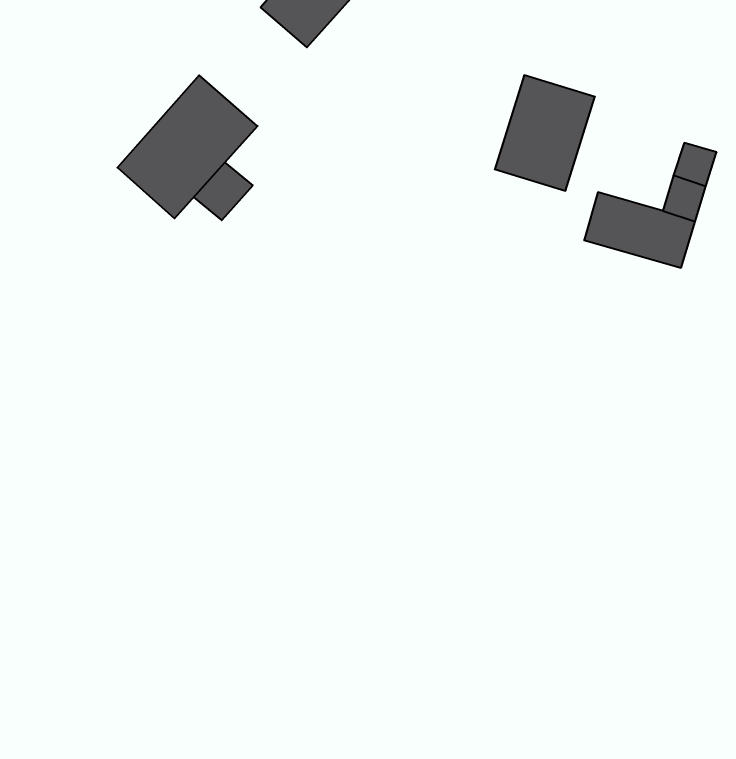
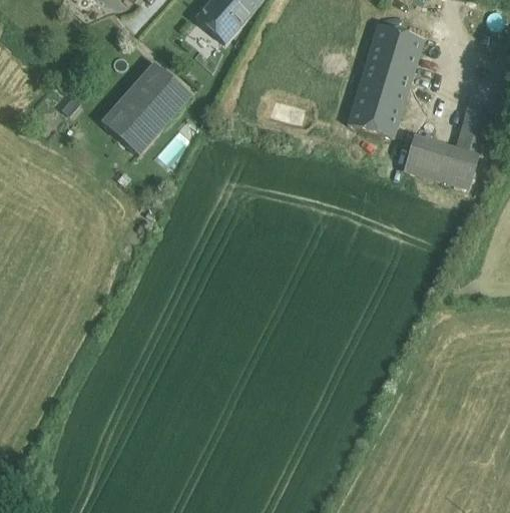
building: none -> [366,23,424,75]
building: [194,162,253,220] -> none

